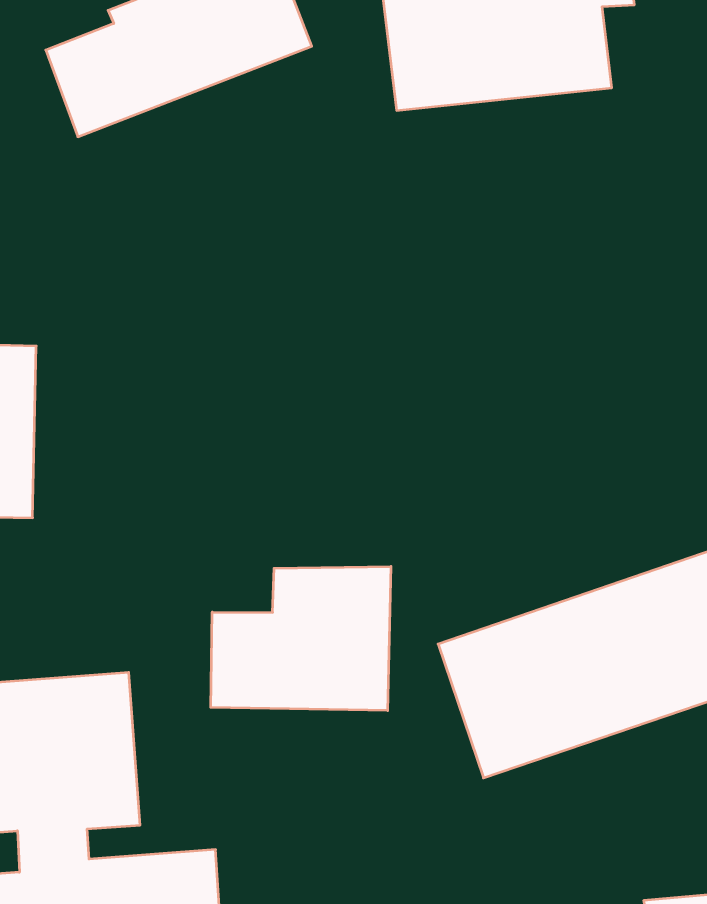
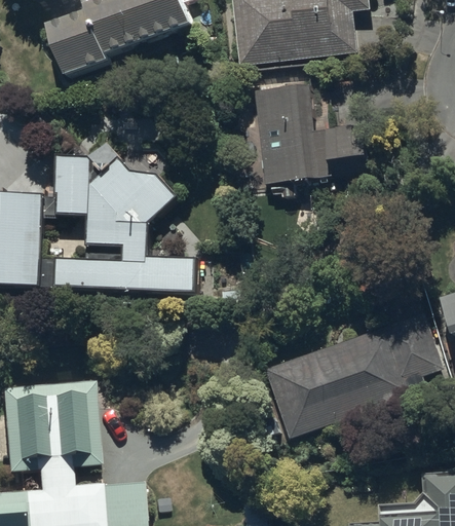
building: none -> [255,88,370,185]
building: none -> [56,141,195,292]
building: [211,566,391,711] -> none

